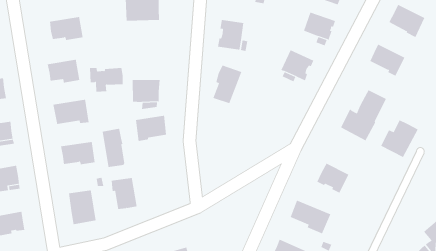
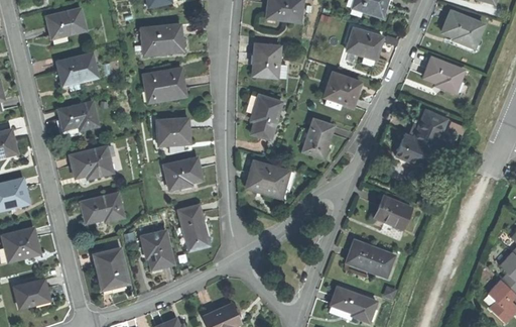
building: [89,67,124,92] -> [143,71,183,101]
building: none -> [303,119,334,157]
building: [381,119,419,158] -> none
building: none -> [245,160,289,193]
building: [102,128,125,168] -> [178,204,208,249]

